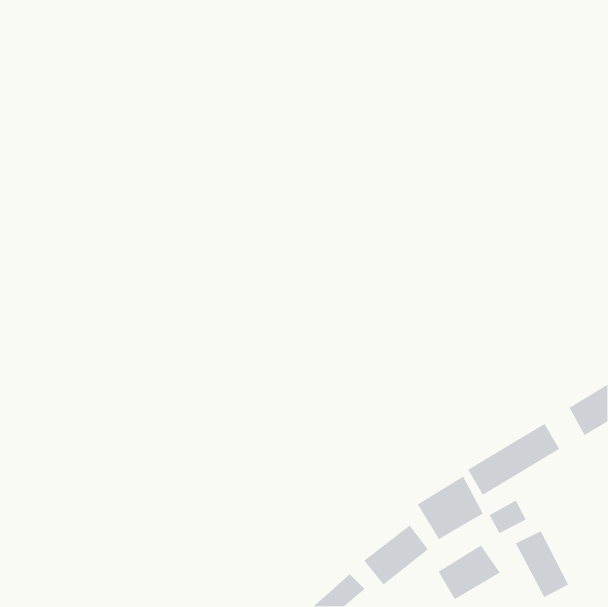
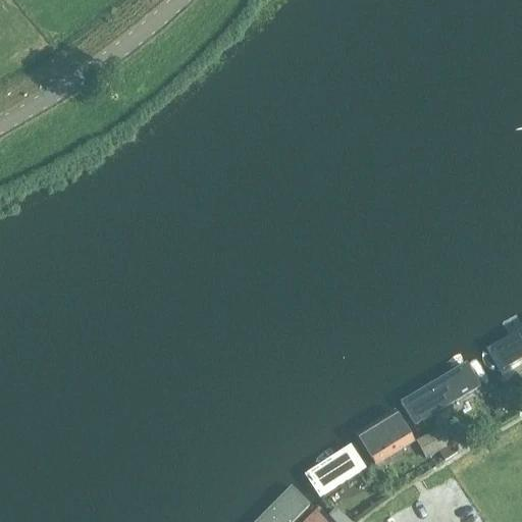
building: [515,530,569,598] -> none
building: [437,545,501,600] -> none

